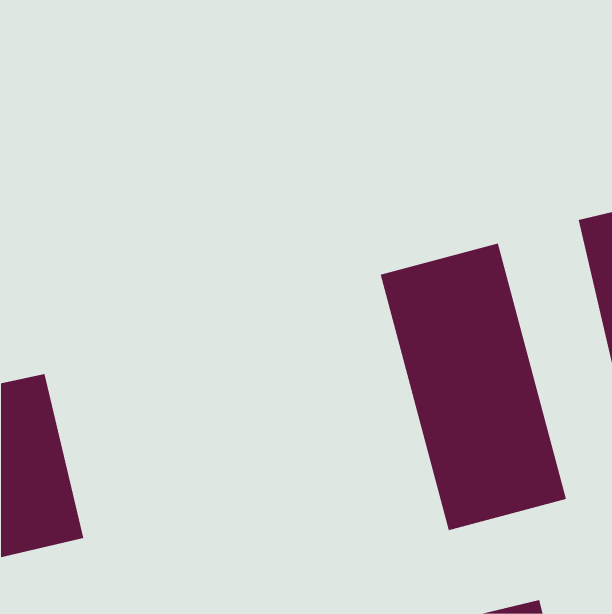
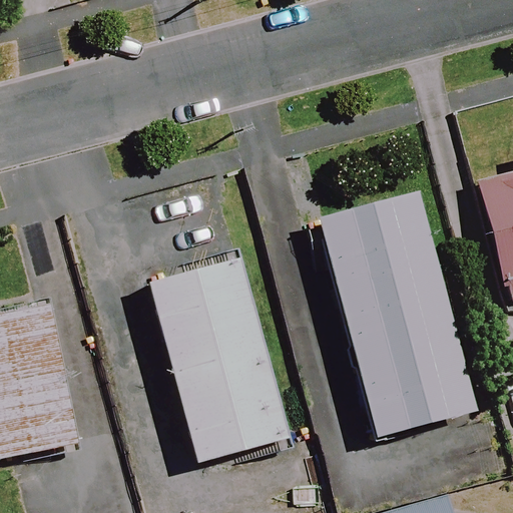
building: none -> [151,259,289,462]

